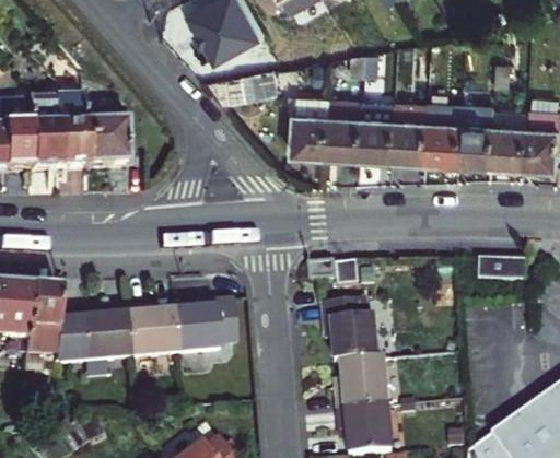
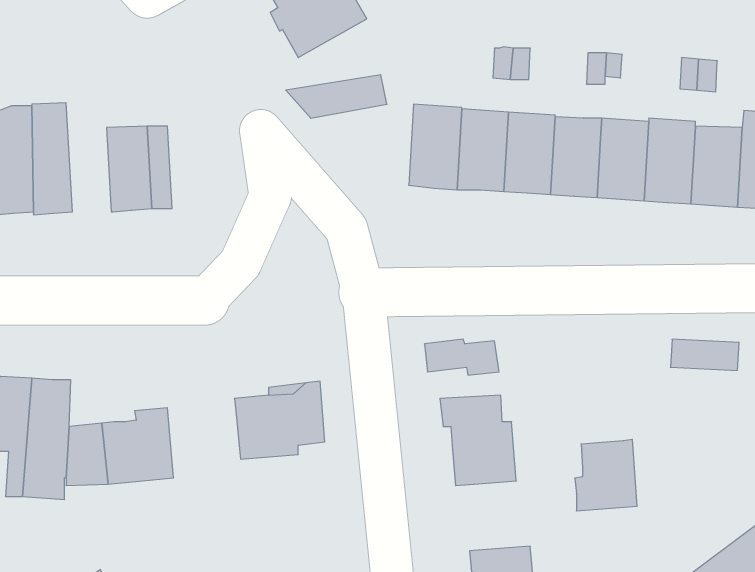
building: [54,95,85,172] -> none
building: [125,308,176,359] -> none
building: [336,360,380,410] -> [575,439,637,511]

